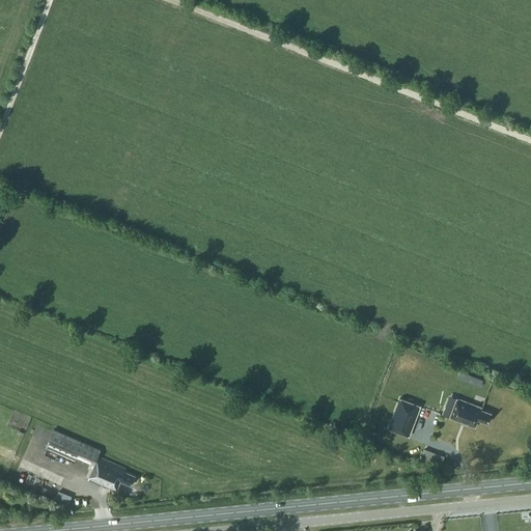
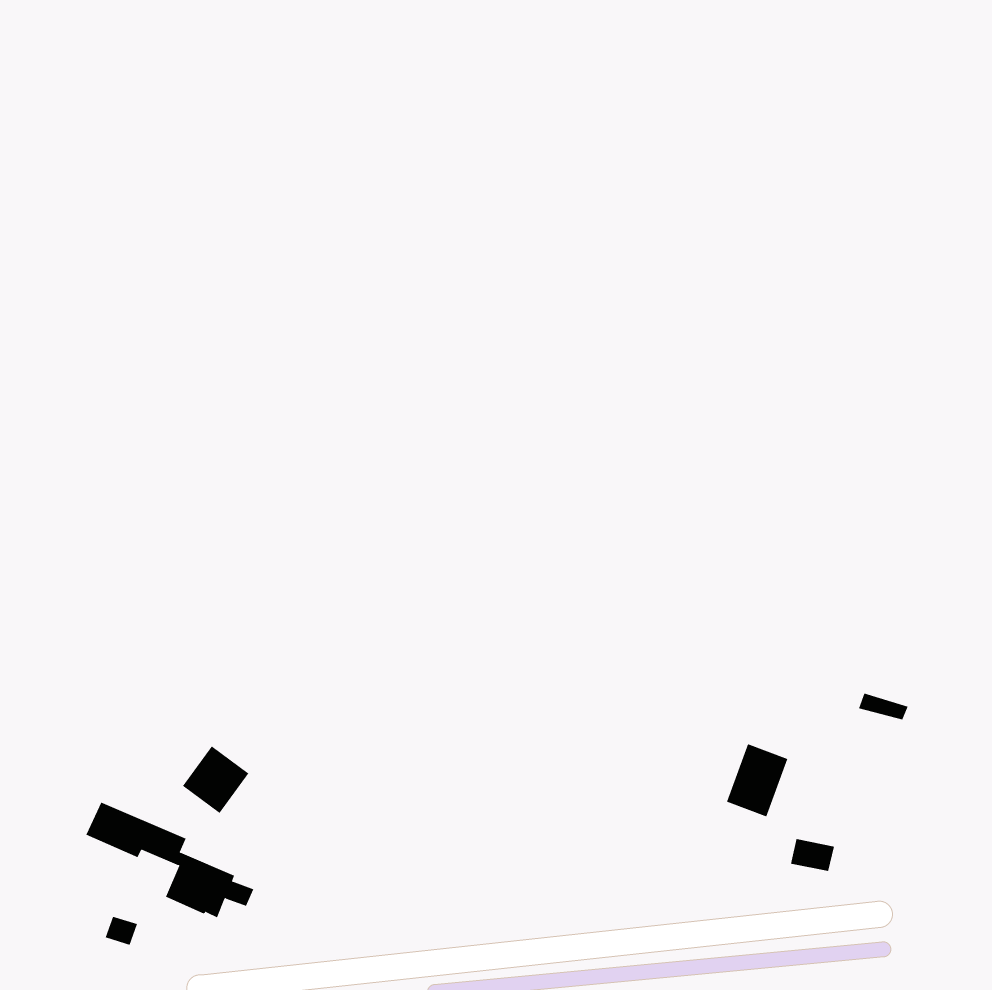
building: [449,398,491,427] -> none
building: none -> [182,745,249,814]

